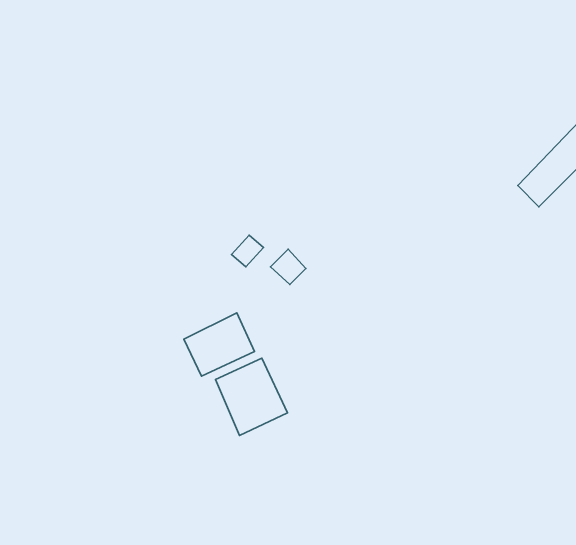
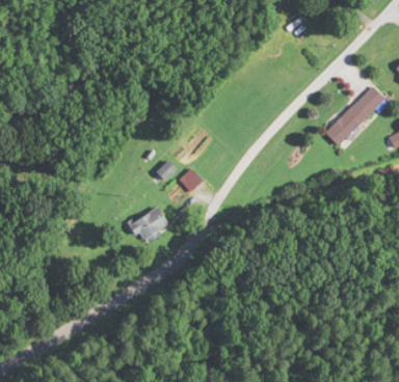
building: [216,358,287,436] -> none

